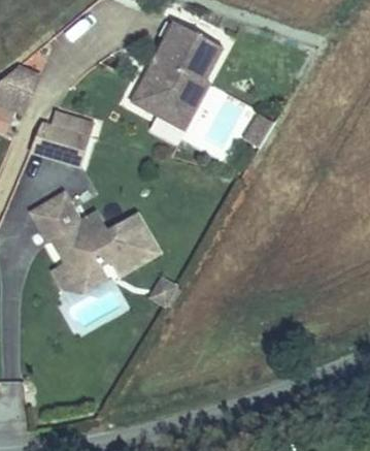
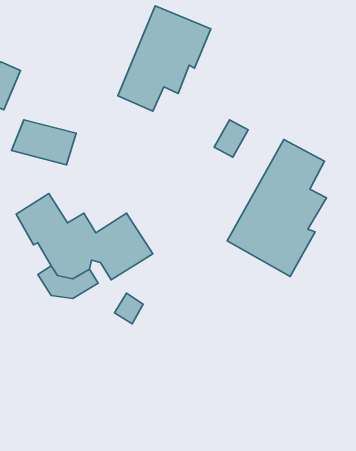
building: [170,73,214,126] -> none
building: none -> [227,139,327,277]

